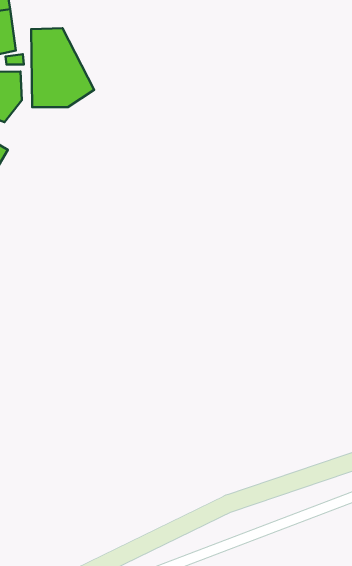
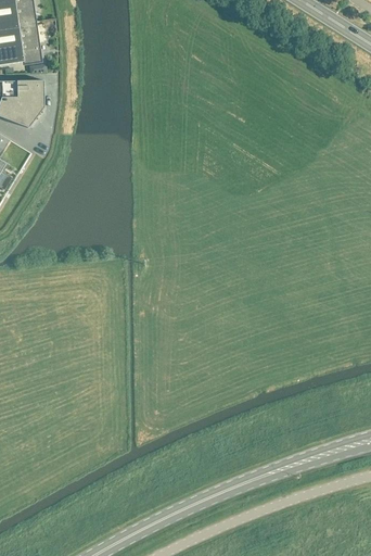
building: [31,28,94,107] -> none

